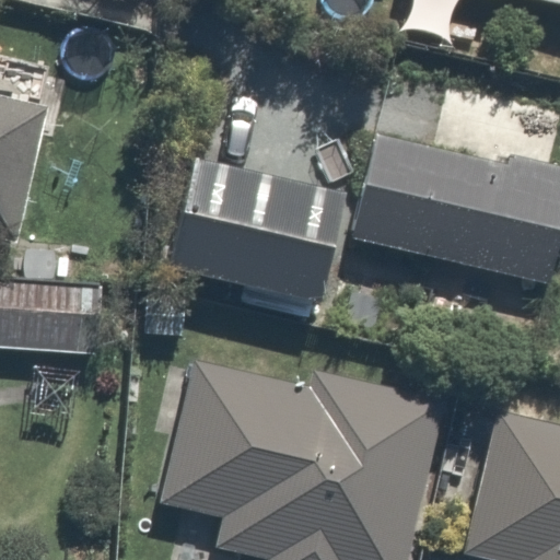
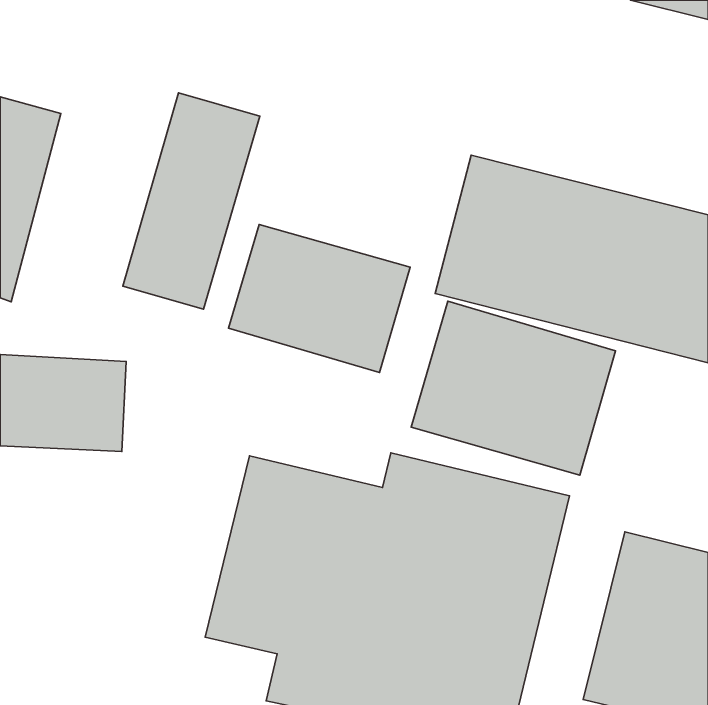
building: none -> [123,93,260,309]
building: none -> [411,301,616,475]

